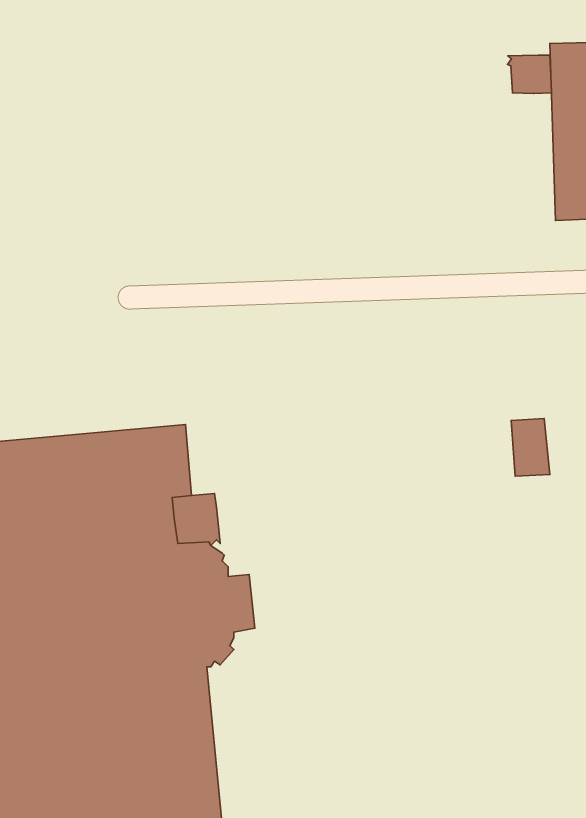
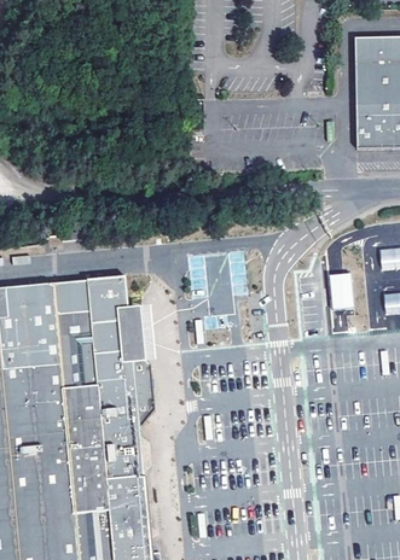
building: [507,55,551,93] -> none

